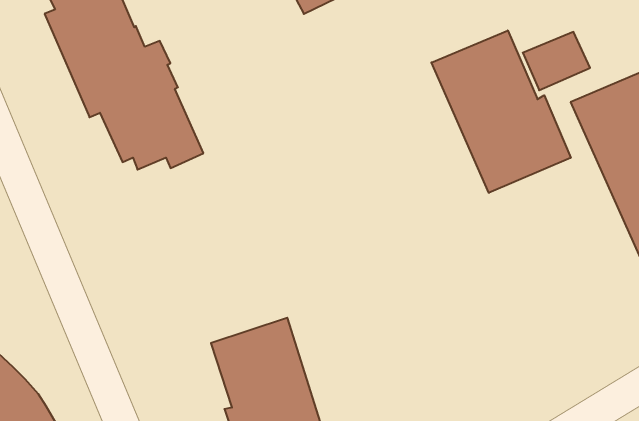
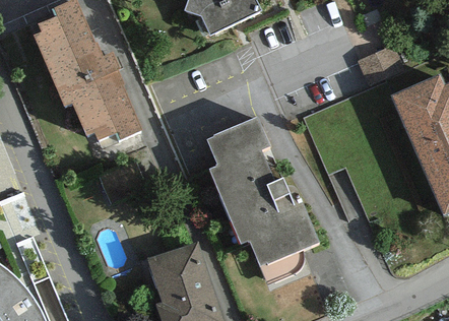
building: [431,30,571,193] -> none
building: none -> [205,116,319,285]

